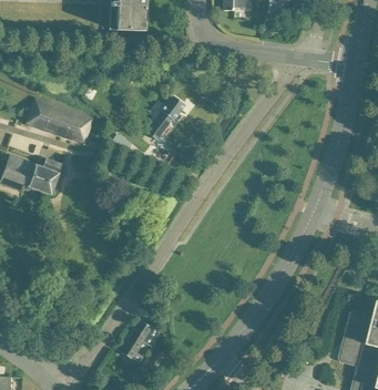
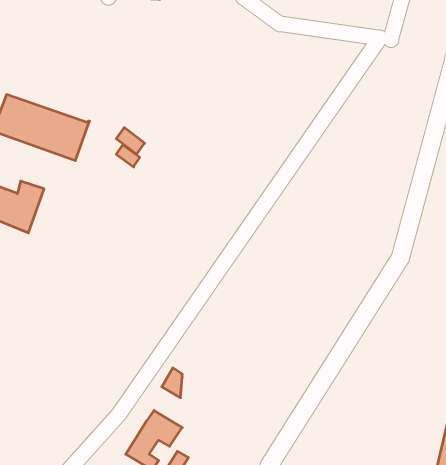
building: [149,95,186,140] -> none

